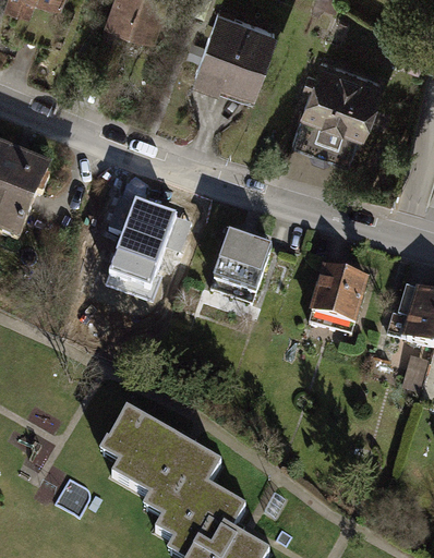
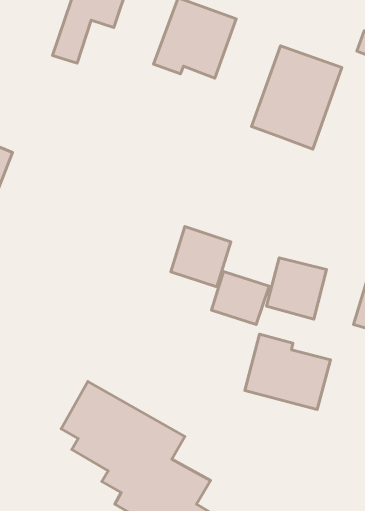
building: [108,209,176,288] -> none
building: none -> [212,271,269,324]
building: none -> [245,334,330,409]

